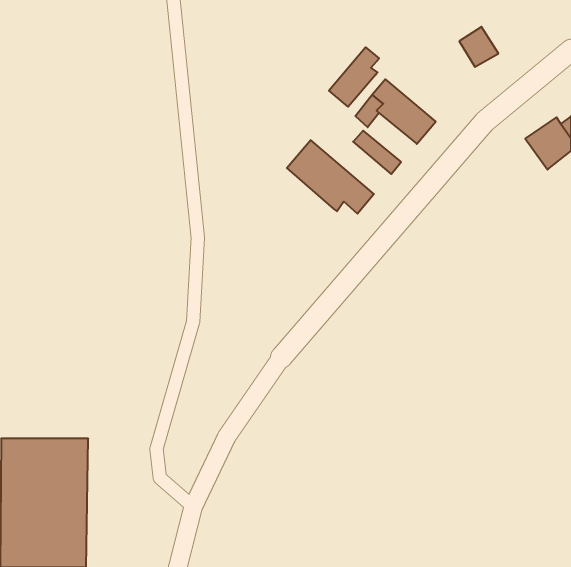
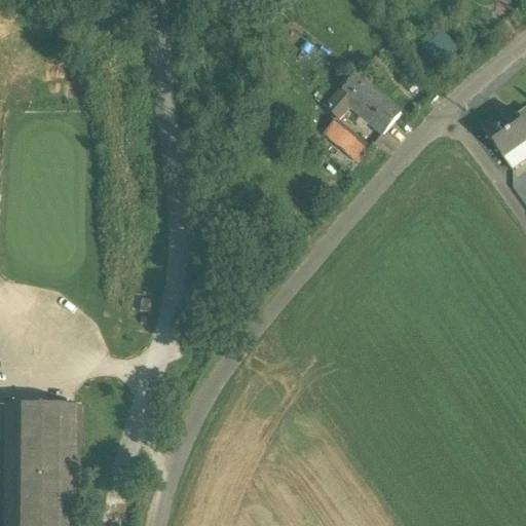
building: [329,47,379,107] -> none
building: [287,140,374,214] -> none

